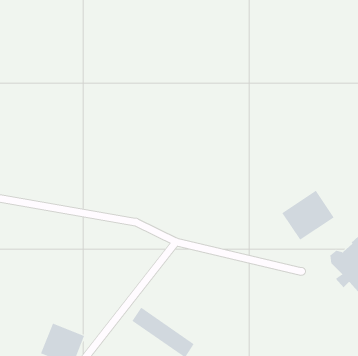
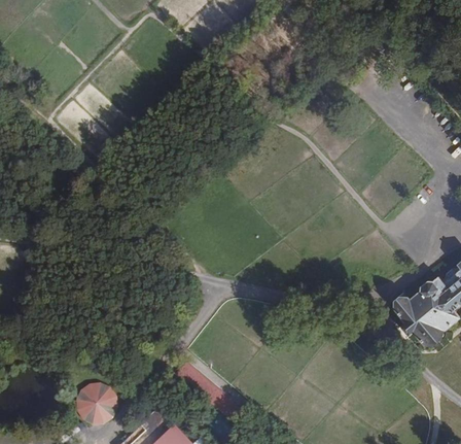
building: [282,190,335,241] -> none

